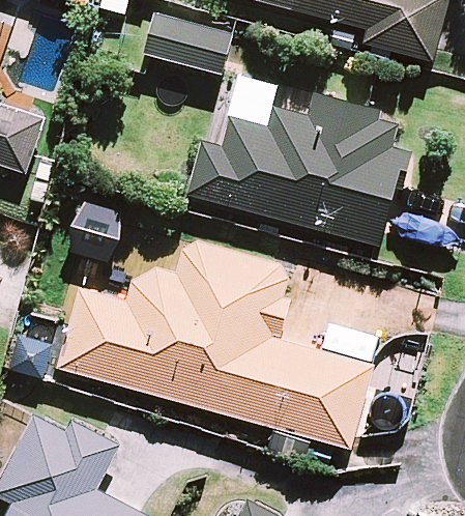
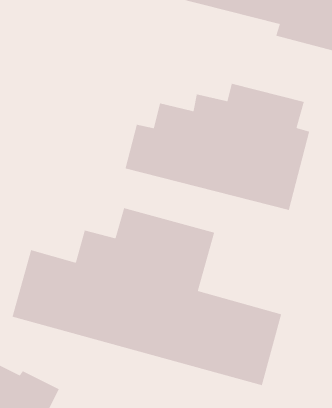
building: [143,15,231,75] -> none

